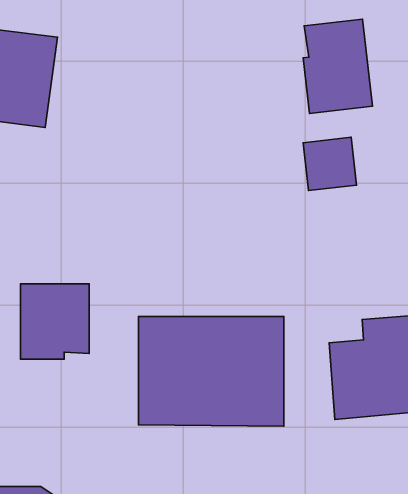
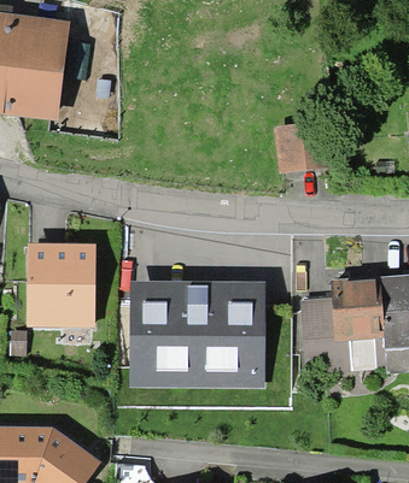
building: [303,19,373,113] -> none

